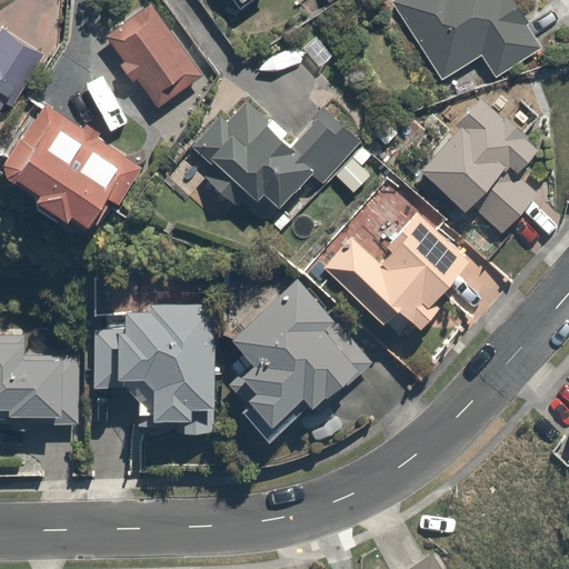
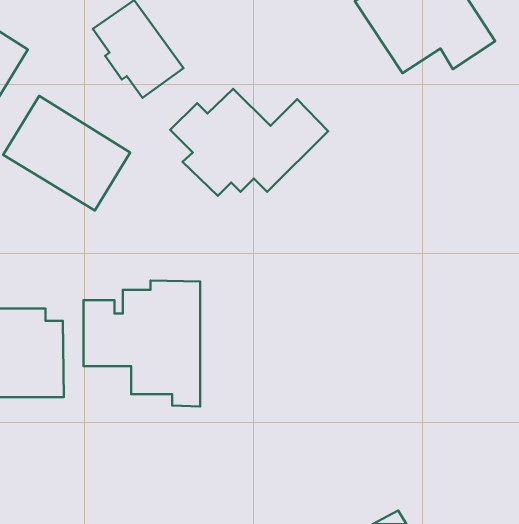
building: [419,99,541,229] -> none
building: [316,198,488,350] -> none
building: [237,281,373,429] -> none

